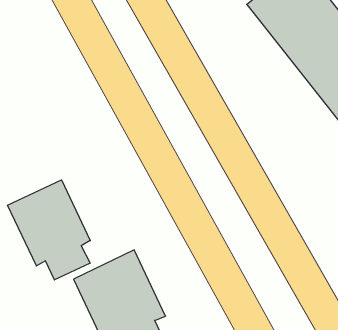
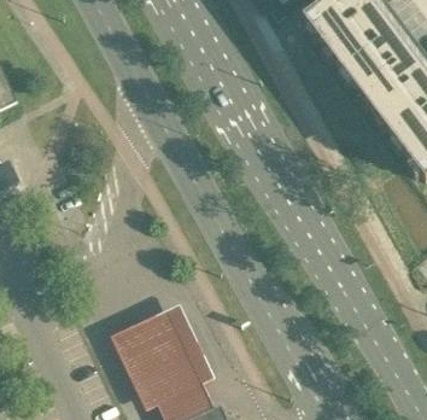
building: [8,180,90,280] -> none

